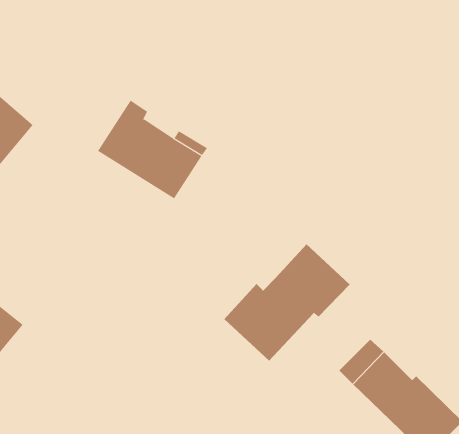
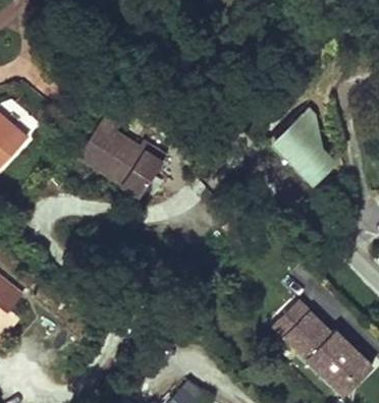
building: none -> [270,112,342,186]
building: [224,243,350,362] -> none

